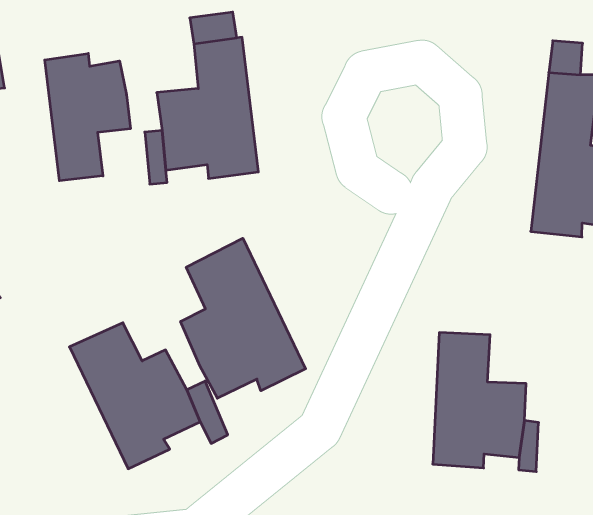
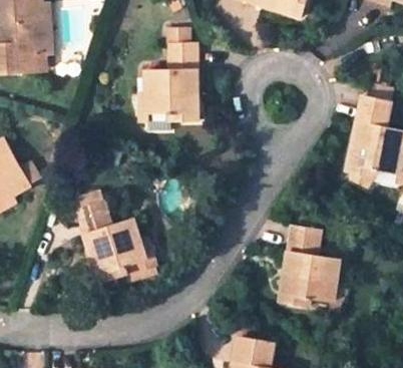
building: [45,53,130,181] -> none
building: [181,238,306,398] -> none

